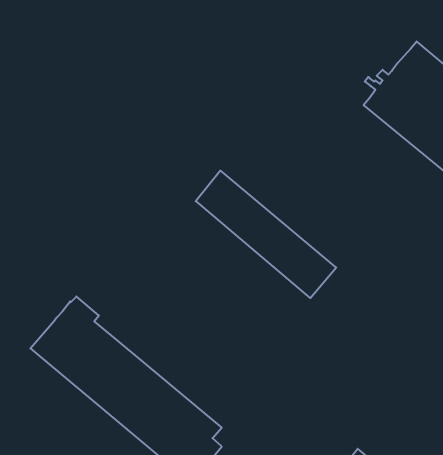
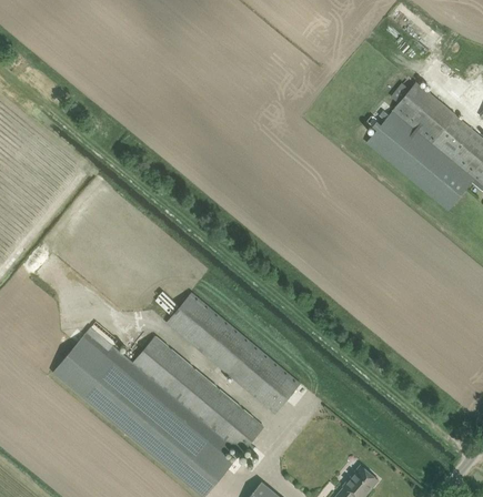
building: [196,171,336,298] -> [168,293,300,413]
building: none -> [132,336,263,454]

